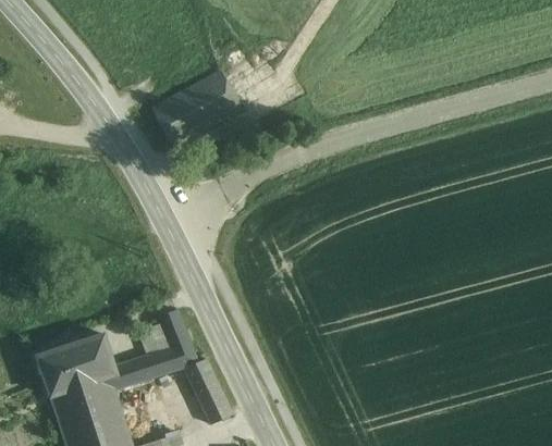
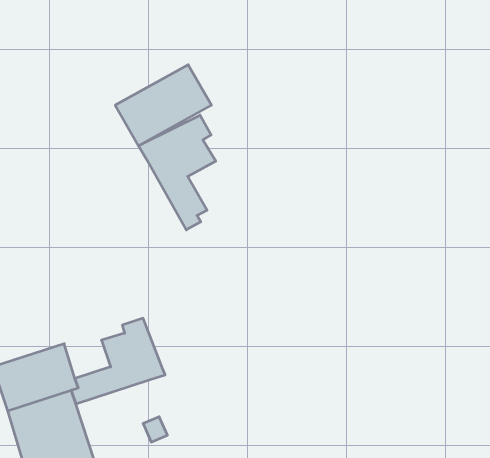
building: none -> [138,115,216,230]
building: [184,354,232,424] -> none

